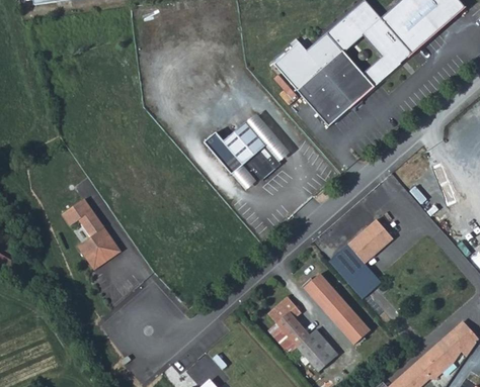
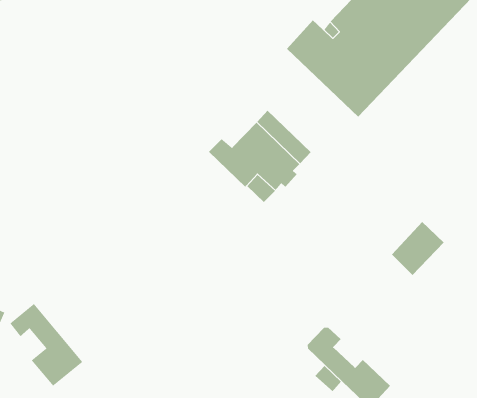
building: [62,197,121,268] -> [9,303,83,387]
building: [327,243,380,296] -> none
building: [303,273,368,344] -> none

